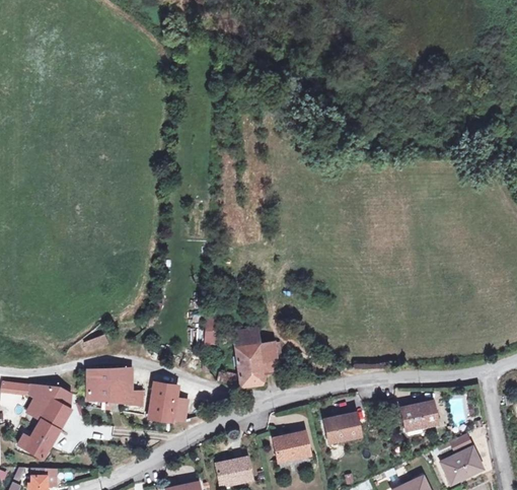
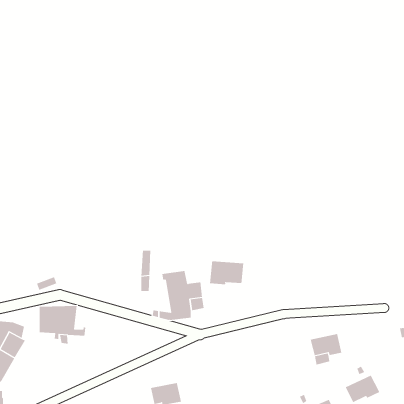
building: none -> [210,261,244,285]
building: [151,382,187,420] -> none
building: [324,413,361,440] -> none
building: [274,432,309,459] -> none

